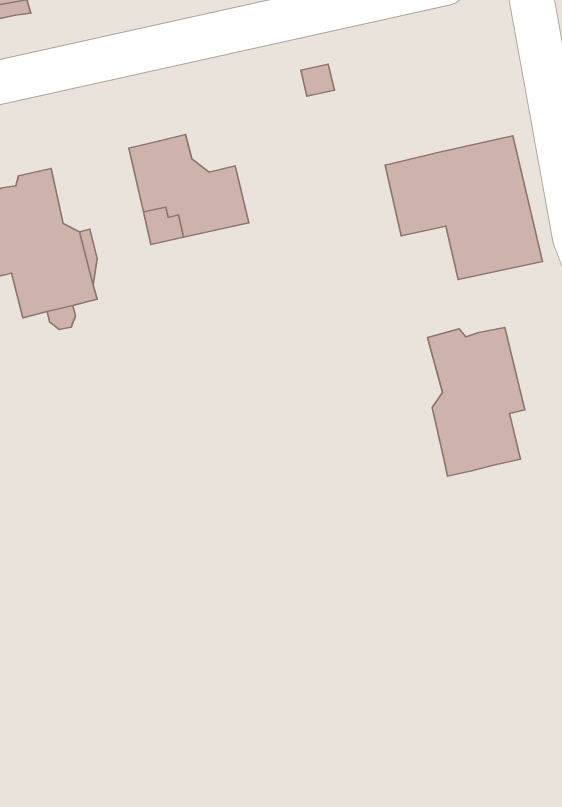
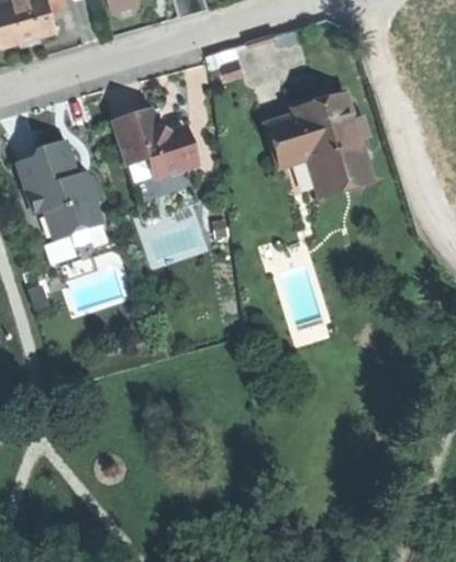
building: [428,328,525,476] -> none

